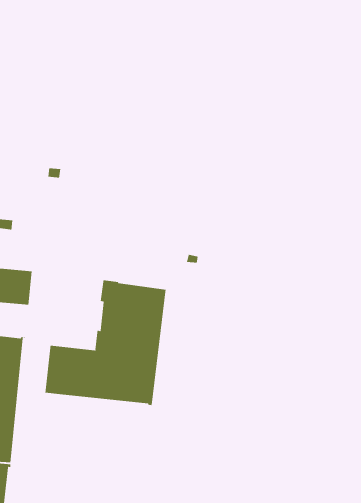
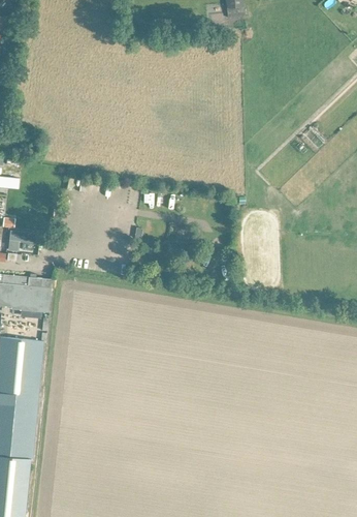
building: [45,279,166,406] -> none

